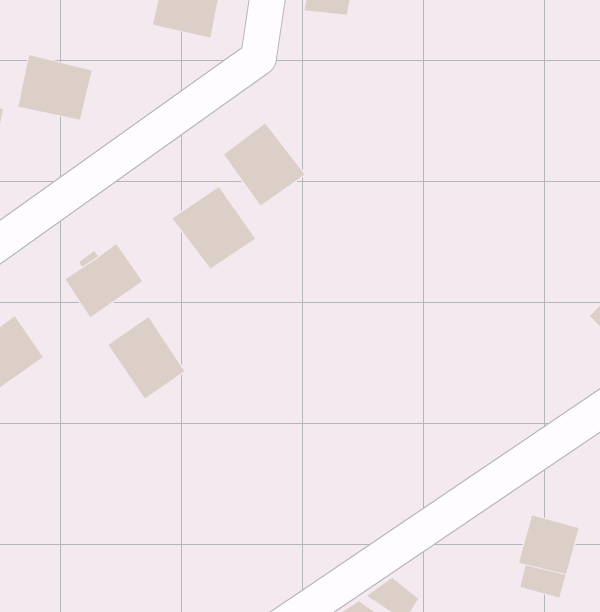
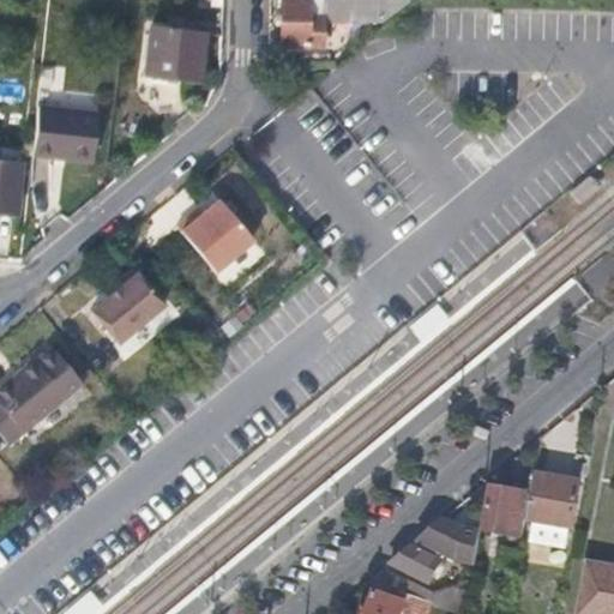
building: [223,122,306,207] -> none
building: [107,316,185,400] -> none
building: none -> [486,487,526,536]
building: none -> [415,514,481,559]

